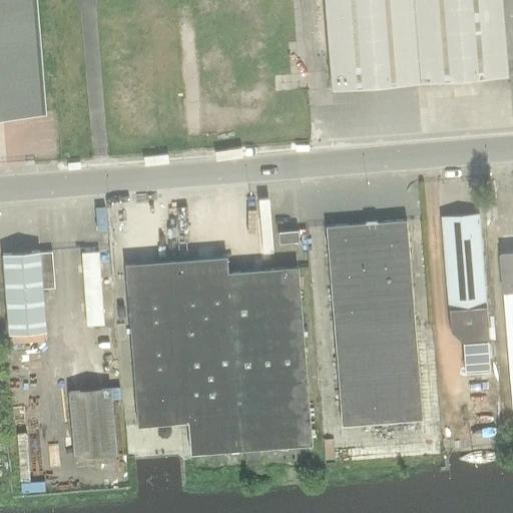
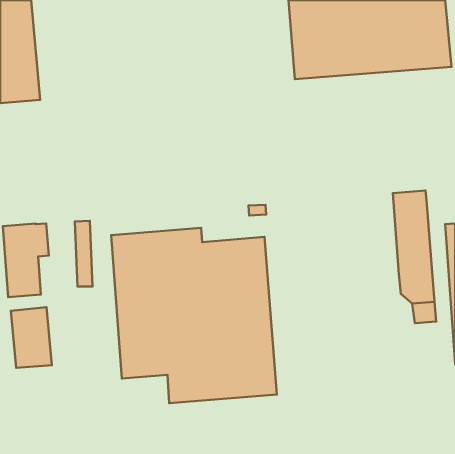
building: [326,220,423,427] -> none
building: [69,389,115,457] -> [11,307,52,368]

